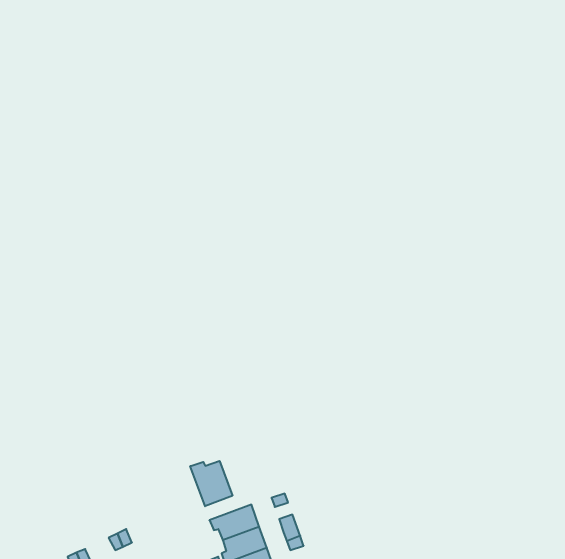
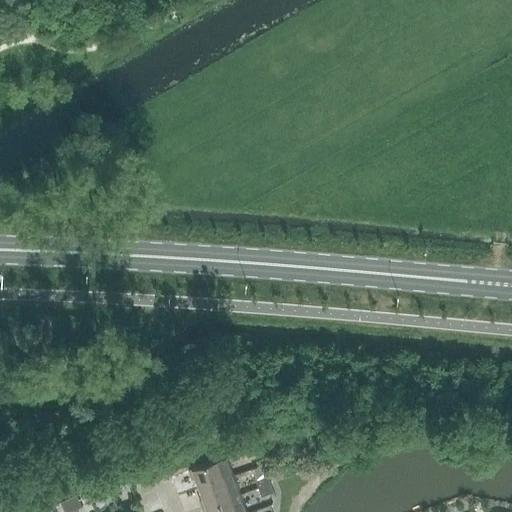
building: [190,461,232,506] -> none

